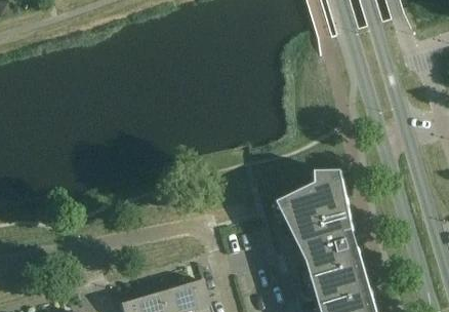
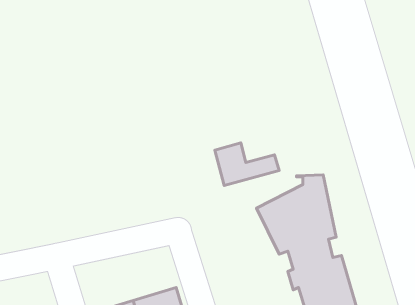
building: none -> [215,143,279,185]

